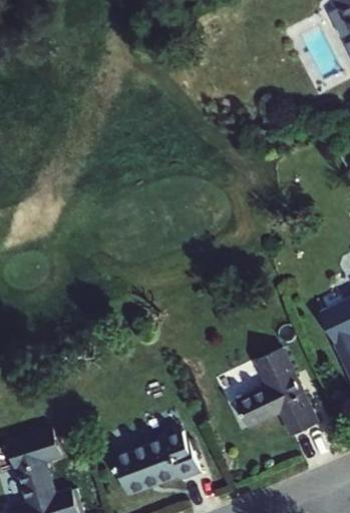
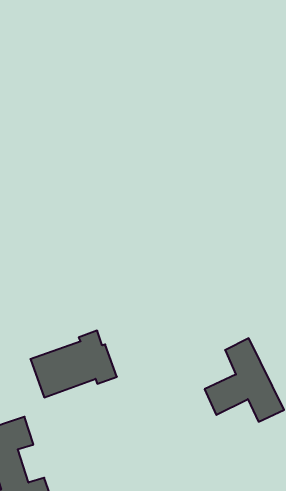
building: [113,429,202,497] -> [30,331,117,397]

